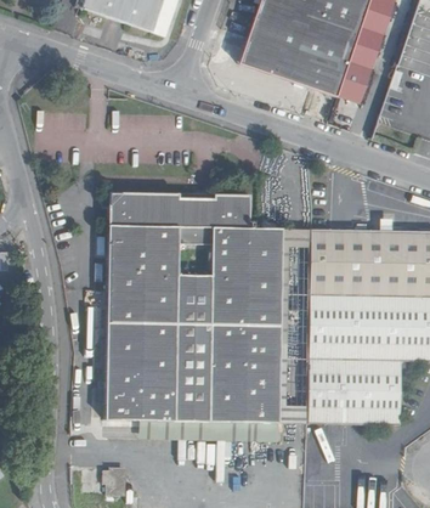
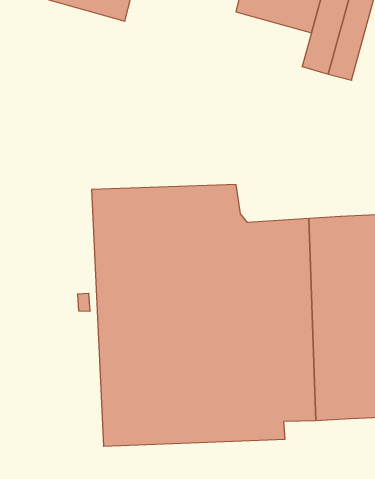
building: [244,29,326,85] -> none

